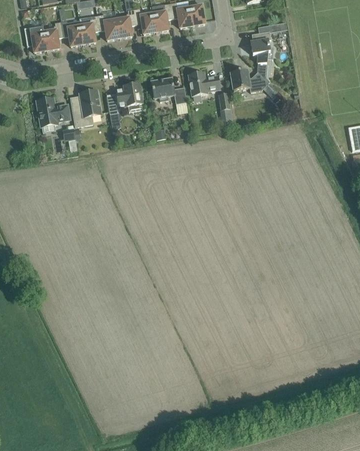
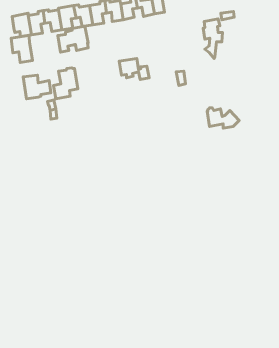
building: none -> [11,35,33,63]
building: [230,67,268,91] -> [207,108,239,128]
building: [188,71,219,95] -> none
building: [106,82,142,113] -> [58,26,88,52]

